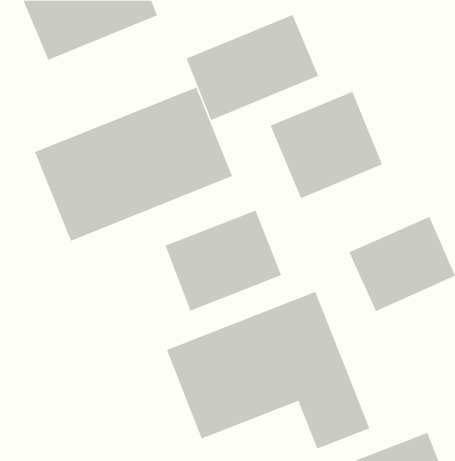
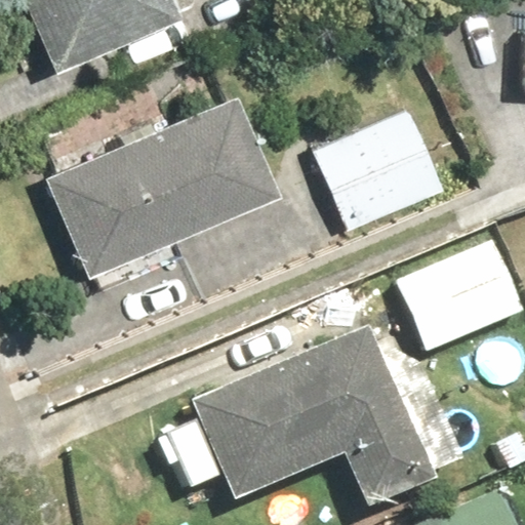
building: [186,14,319,121] -> none
building: [165,210,282,311] -> none

